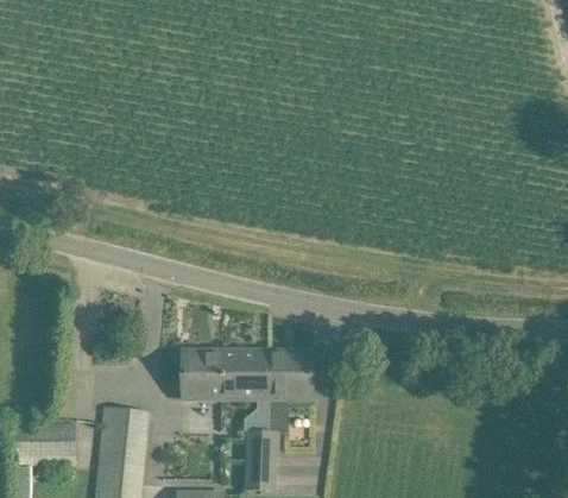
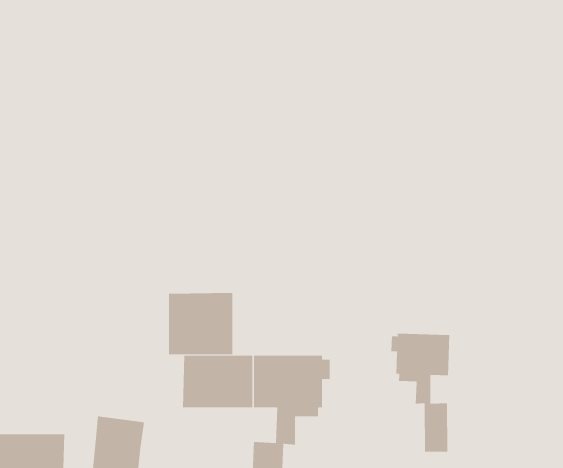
building: none -> [169,292,233,355]
building: none -> [391,333,450,453]

